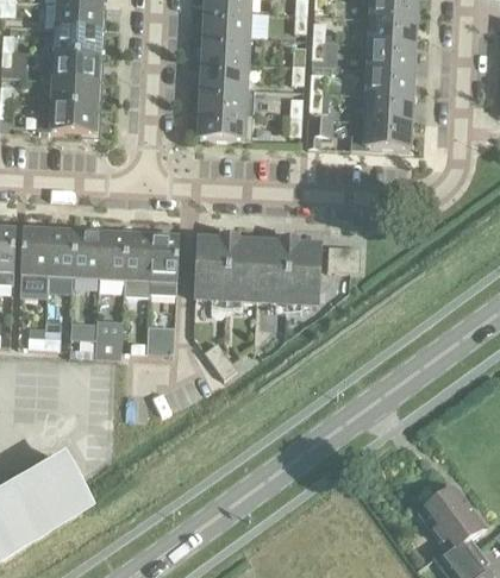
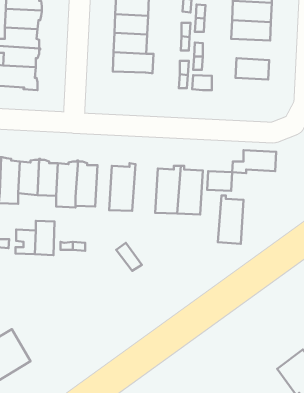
building: [358,67,412,95] -> none
building: [199,111,252,139] -> none
building: [350,119,410,150] -> [232,150,276,173]
building: [226,235,261,301] -> [218,195,244,244]

